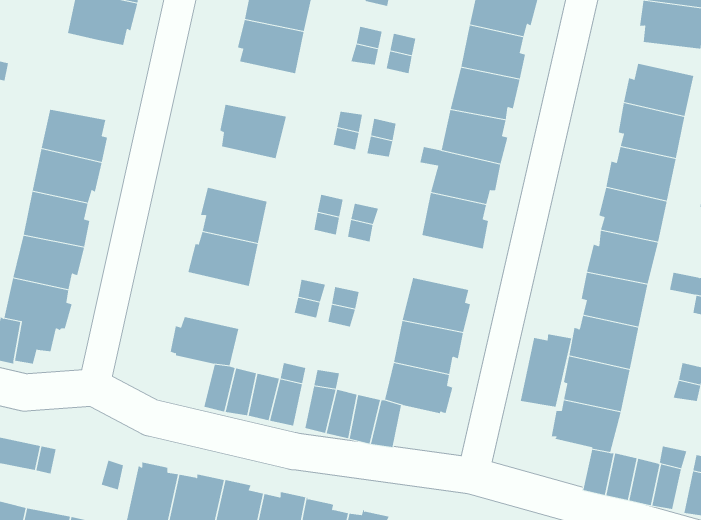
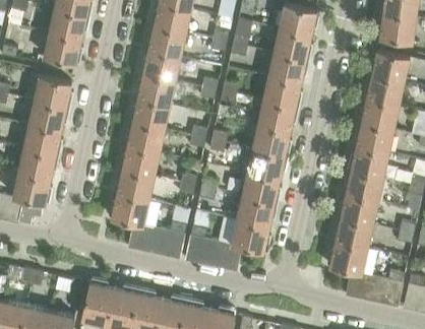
building: none -> [44,32,82,63]
building: none -> [139,49,190,82]
building: none -> [129,97,169,129]
building: none -> [247,148,288,180]
building: none -> [115,170,154,202]
building: [520,334,572,407] -> none

